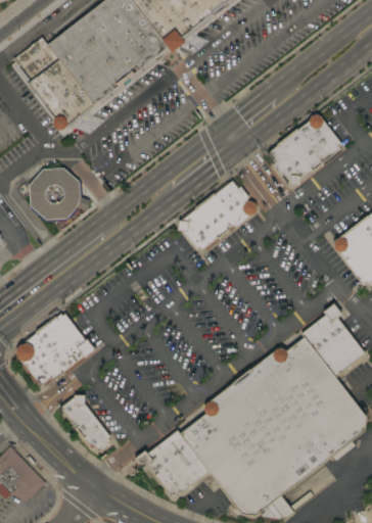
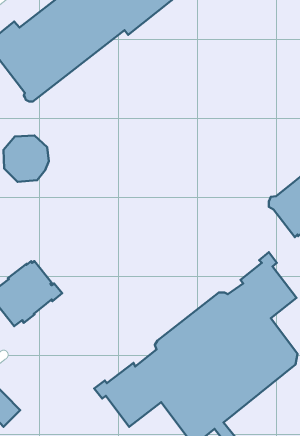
building: [268,113,340,184] -> none
building: [176,180,257,249] -> none
building: [61,394,111,451] -> none

